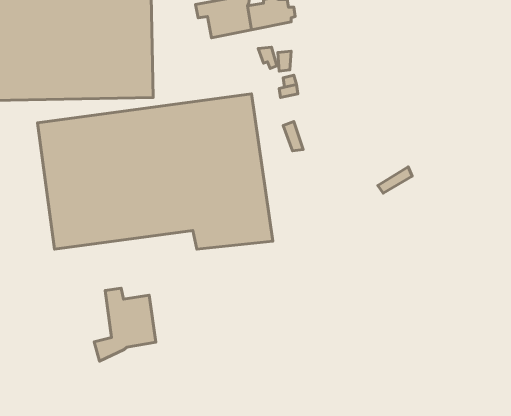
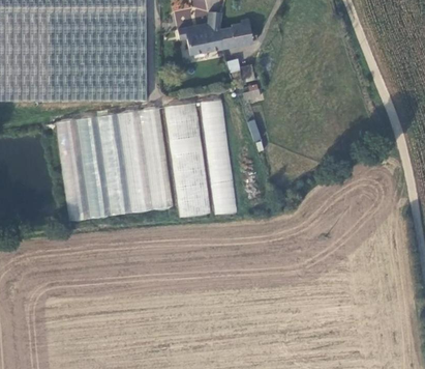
building: [94,288,156,361] -> none

